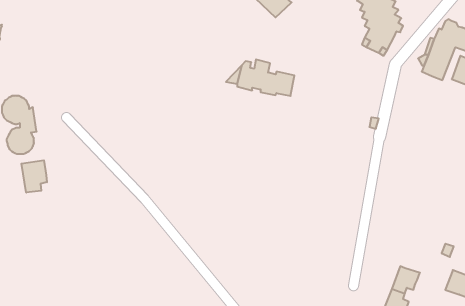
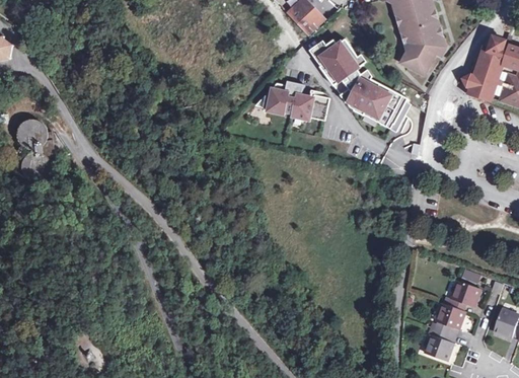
building: none -> [316,37,407,124]
building: [21,160,47,193] -> none
building: none -> [448,281,479,311]

